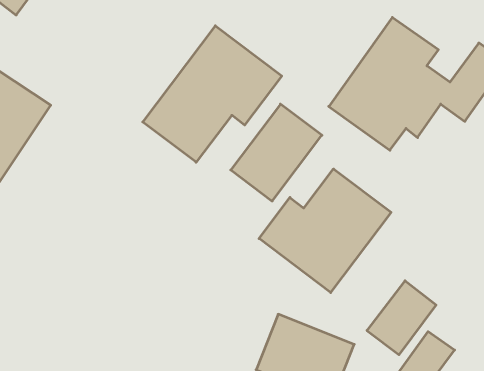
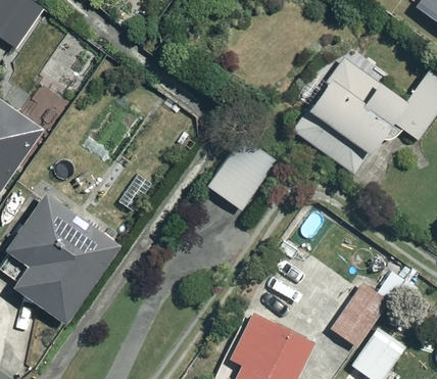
building: [143,26,282,162] -> none
building: [259,169,391,293] -> none
building: none -> [7,193,124,328]

